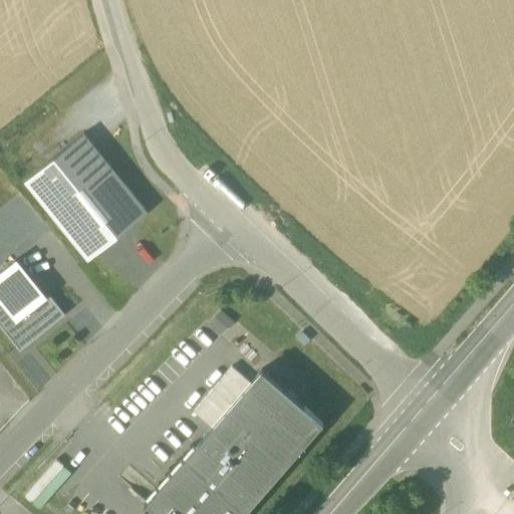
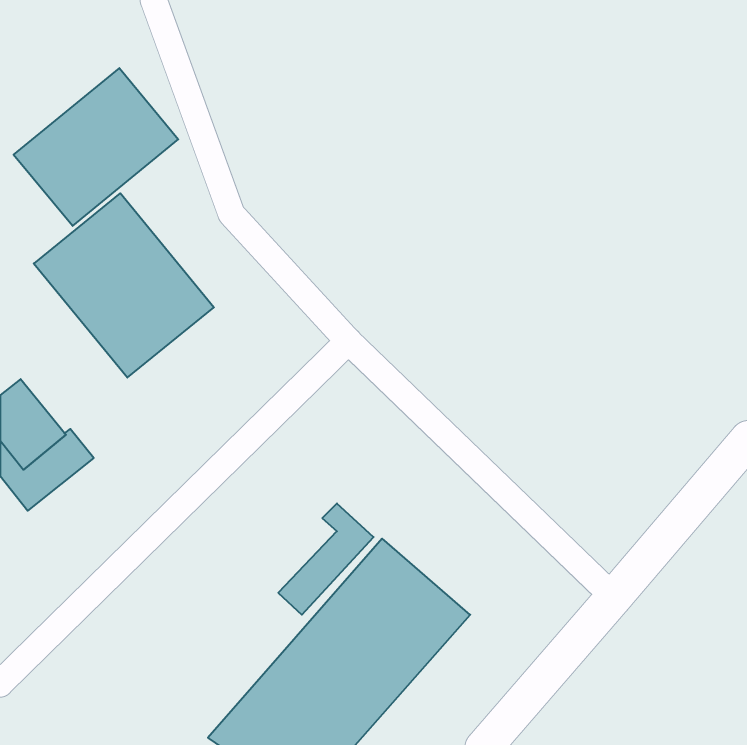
building: none -> [14,68,178,226]

